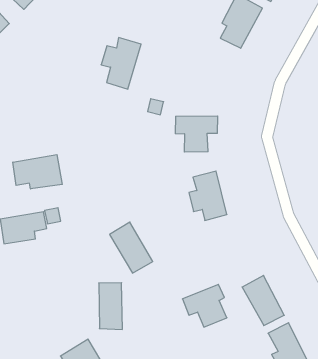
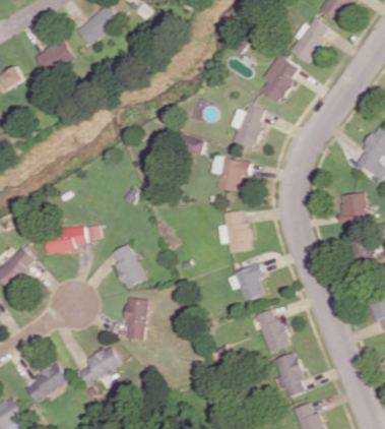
building: [101,38,141,89] -> [231,103,268,149]
building: [13,155,62,189] -> none
building: [110,222,153,273] -> [110,243,145,289]
building: [182,284,227,327] -> [227,264,264,301]

